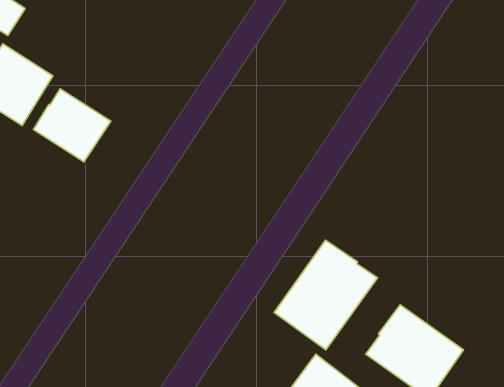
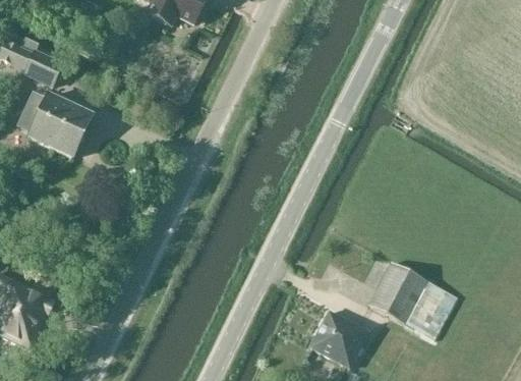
building: [33,89,111,162] -> none
building: [274,240,377,350] -> none

